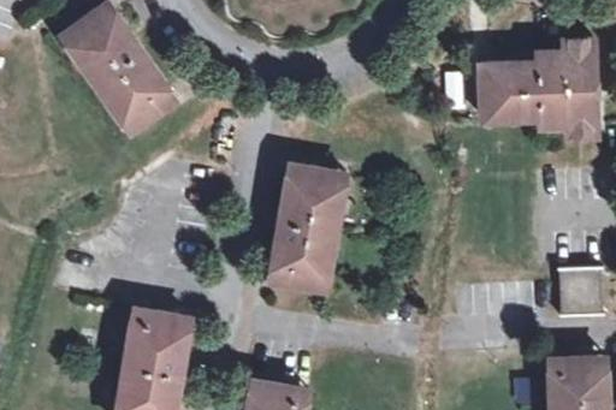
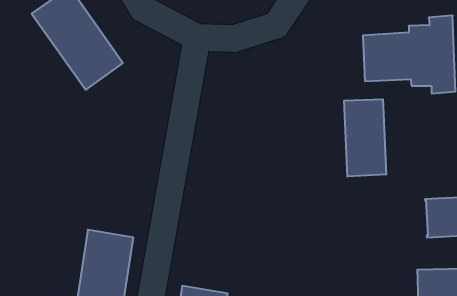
building: none -> [344,99,386,177]
building: [268,164,344,289] -> none

